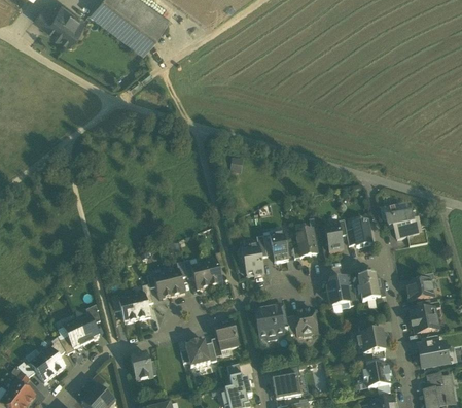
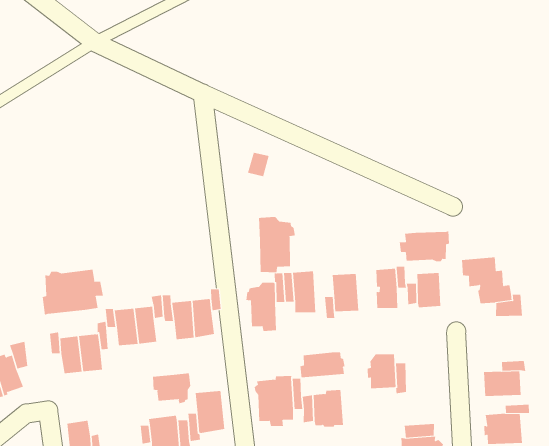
building: none -> [399,231,449,262]
building: none -> [259,216,295,273]
building: none -> [42,269,104,316]
building: [357,273,384,301] -> none
building: none -> [300,351,345,378]
building: none -> [152,373,191,404]

